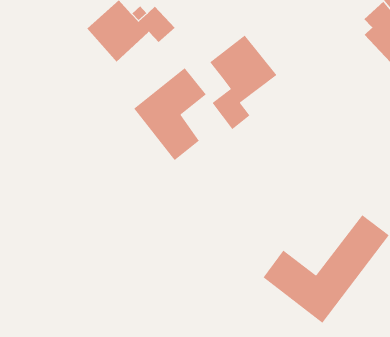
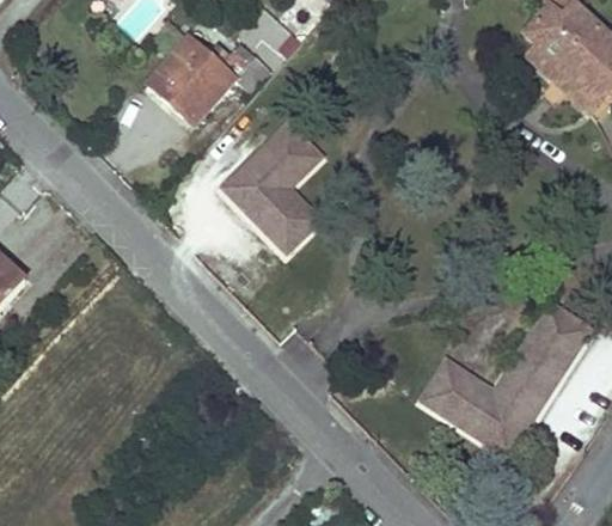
building: [209,35,277,130] -> none

